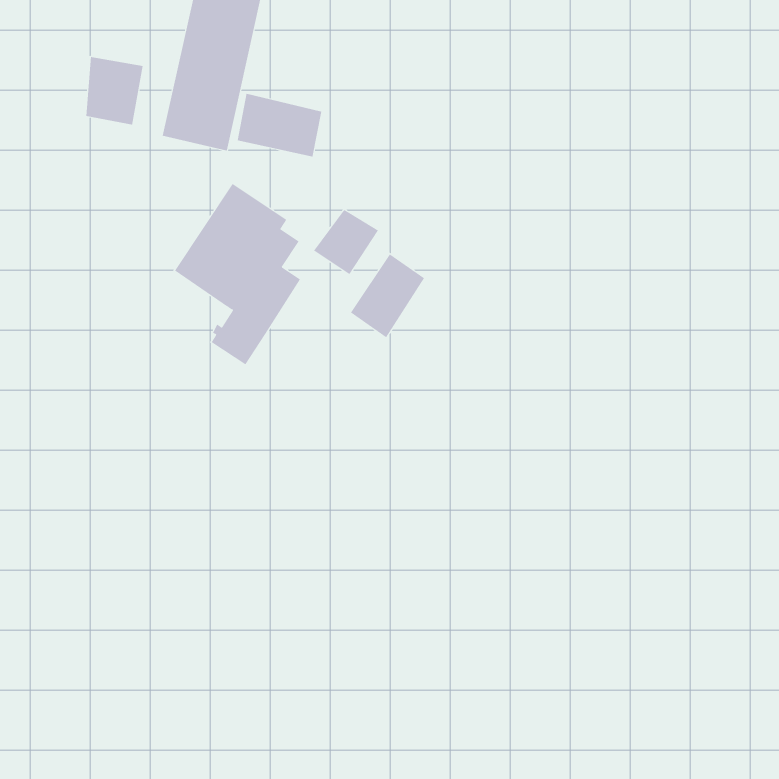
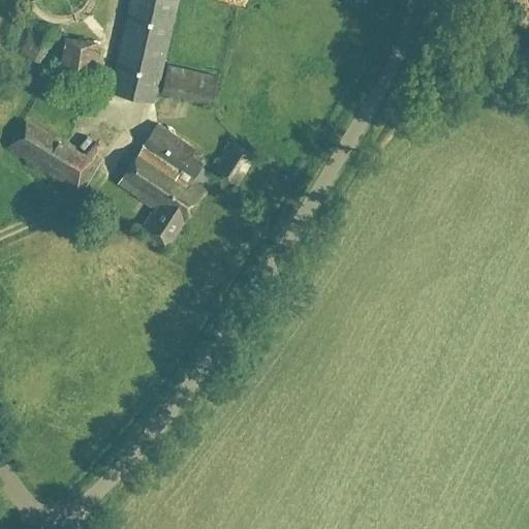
building: none -> [8,119,94,188]
building: [350,253,425,338] -> none

